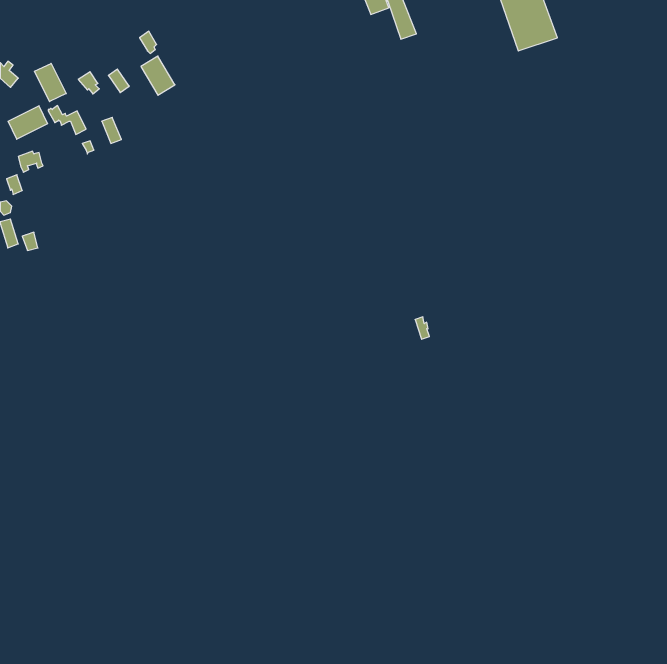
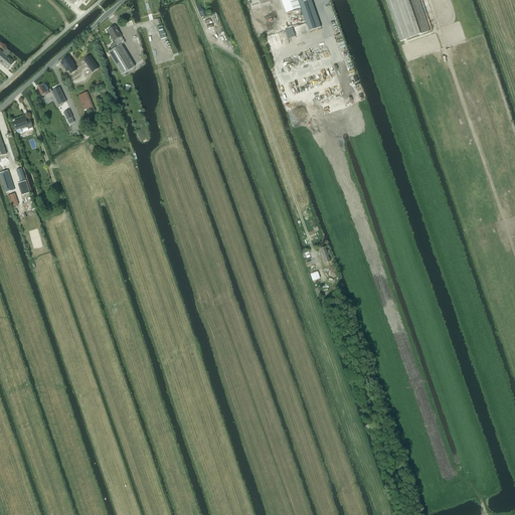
building: [34,63,66,102] -> none
building: [8,106,48,139] -> none

